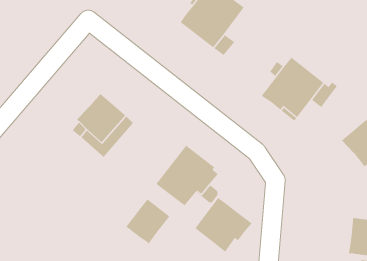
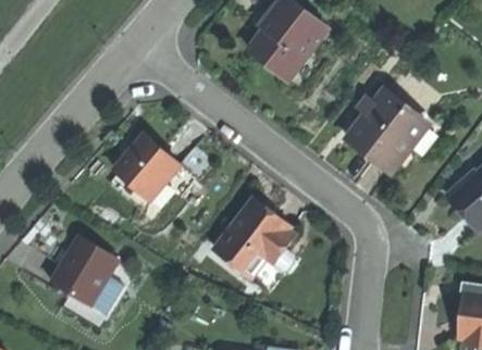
building: none -> [50,234,118,303]
building: [195,197,252,252] -> none
building: [125,198,170,244] -> none

